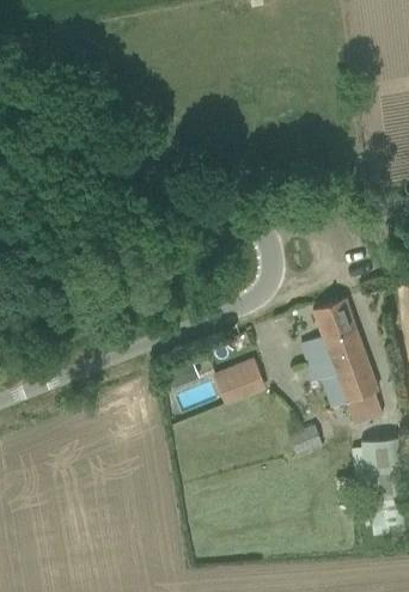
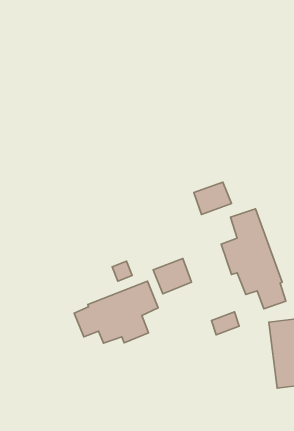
building: none -> [194,182,231,214]
building: none -> [74,281,158,343]

